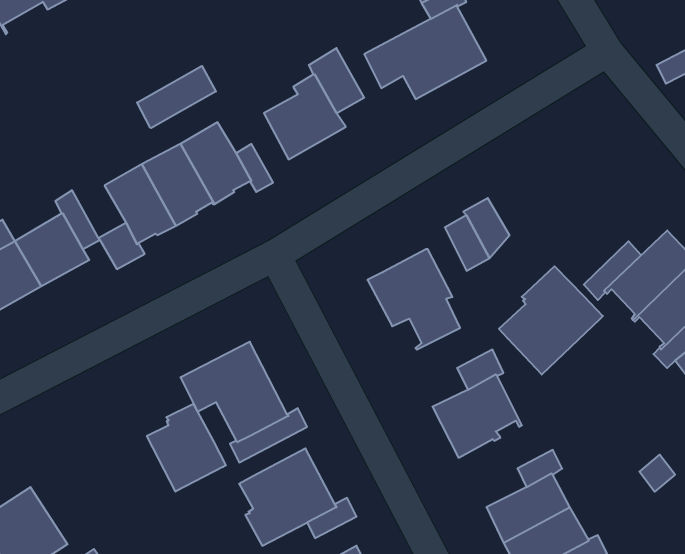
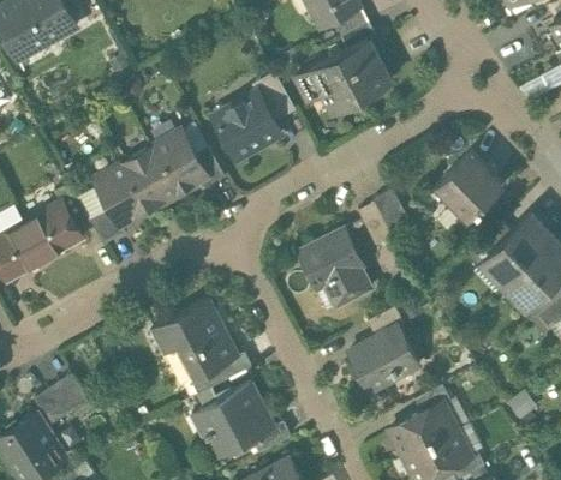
building: [137,66,216,128] -> none
building: none -> [435,152,501,220]
building: [499,266,603,375] -> none
building: [147,404,226,492] -> none
building: none -> [34,374,86,424]

